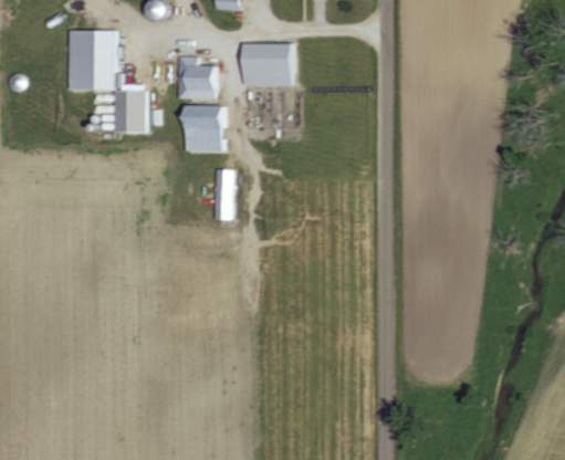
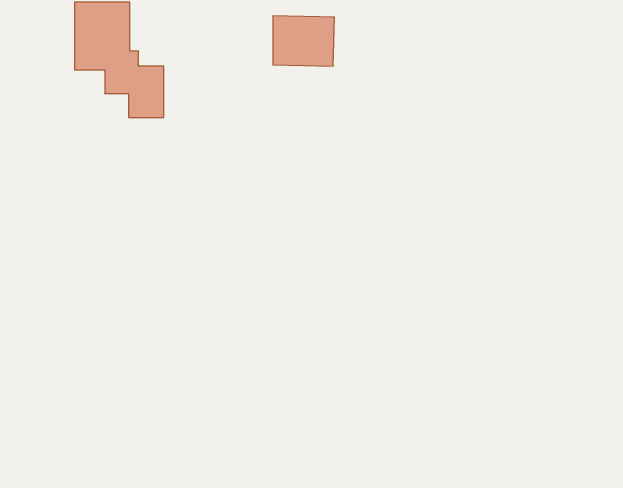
building: [177,56,227,151] -> none
building: [213,168,233,220] -> none

